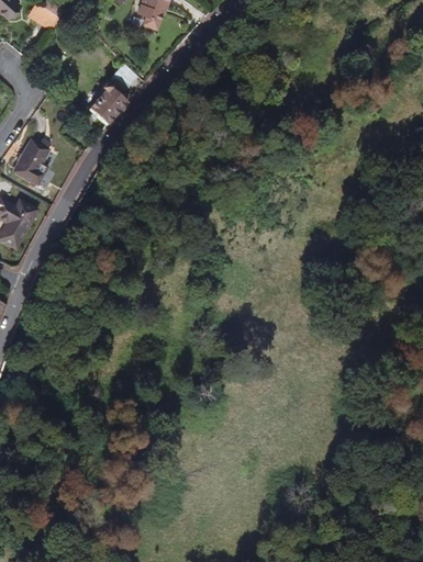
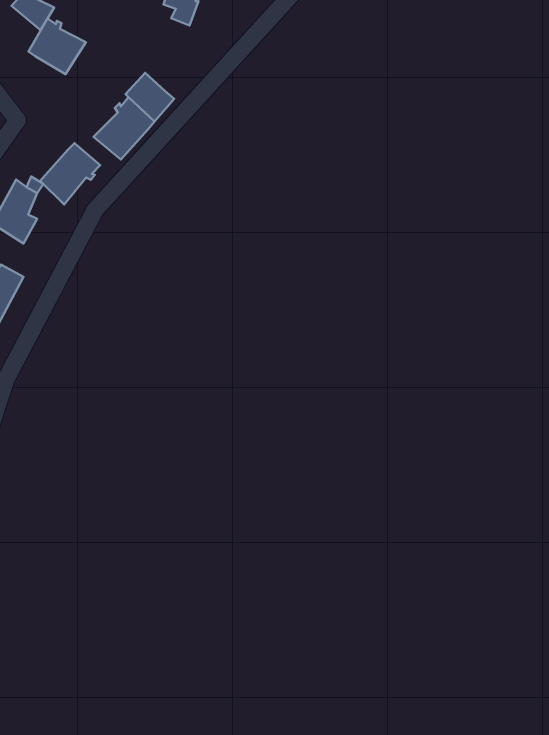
building: none -> [28,19,86,74]
building: none -> [40,143,100,204]

